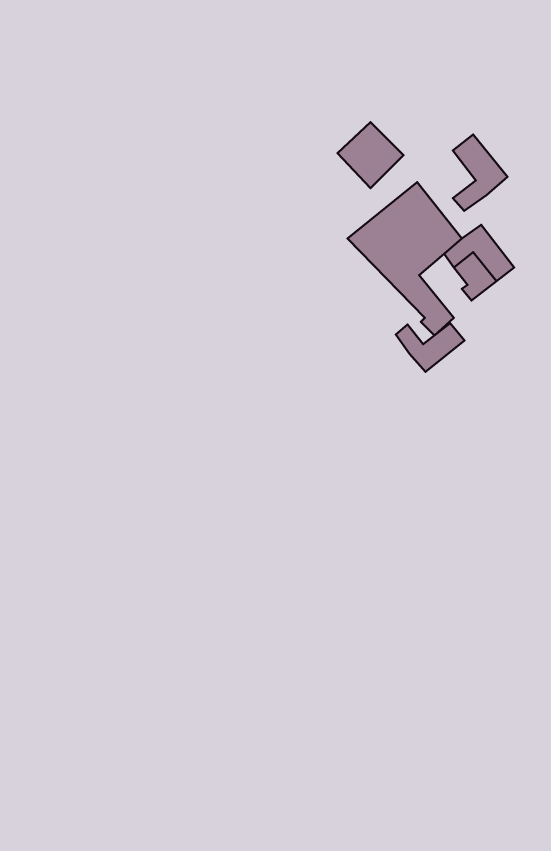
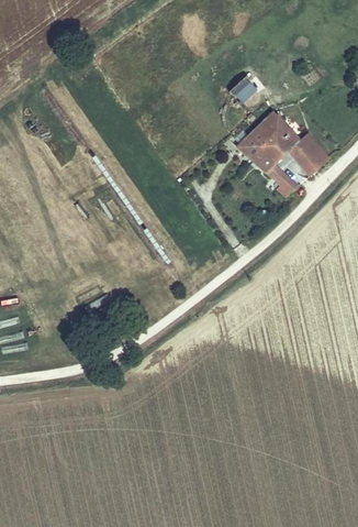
building: [453,134,507,211] -> none
building: [396,323,464,372] -> none

